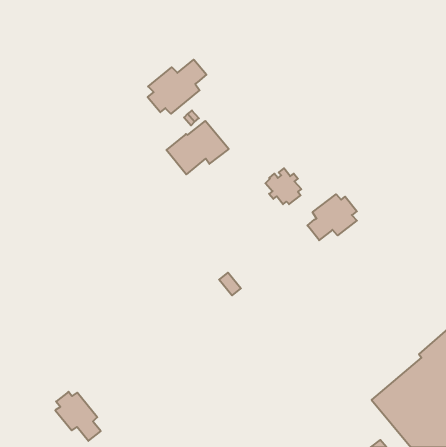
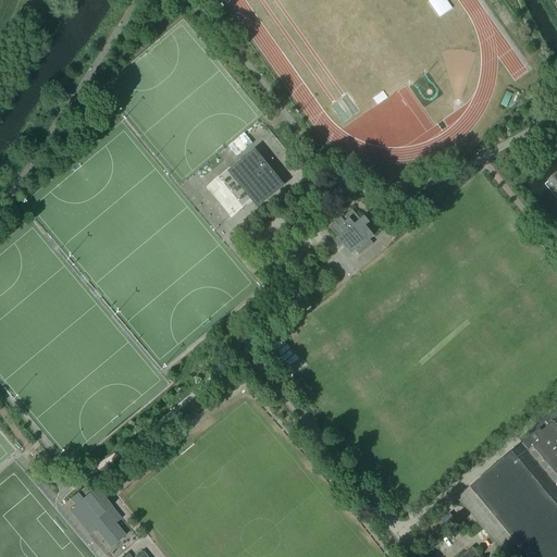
building: [148,60,206,114] -> none
building: [307,194,357,240] -> none

